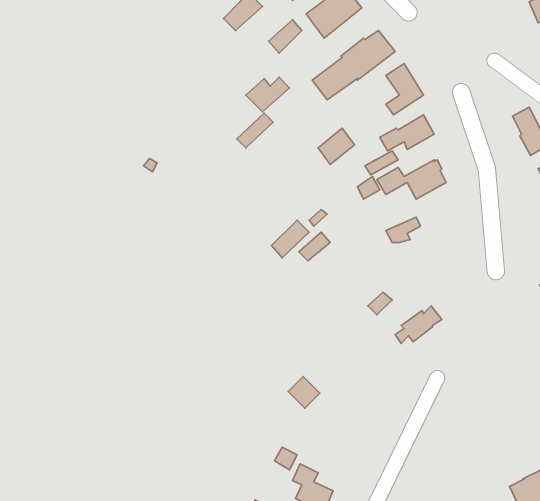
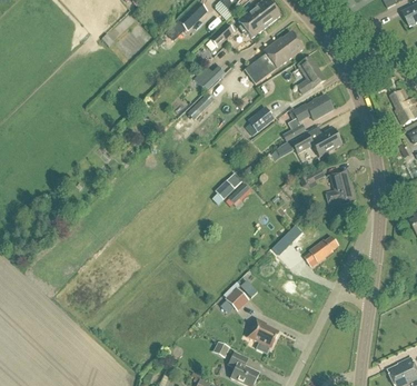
building: none -> [325,169,356,204]
building: none -> [246,317,278,353]

